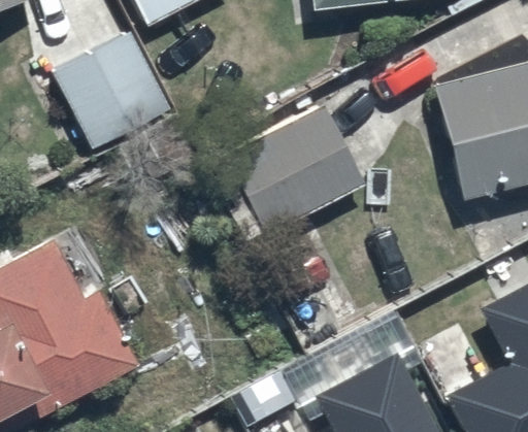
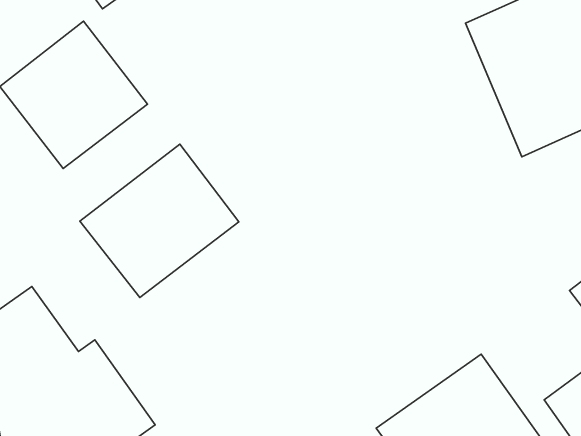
building: [228,109,363,234] -> none
building: none -> [80,144,239,298]

